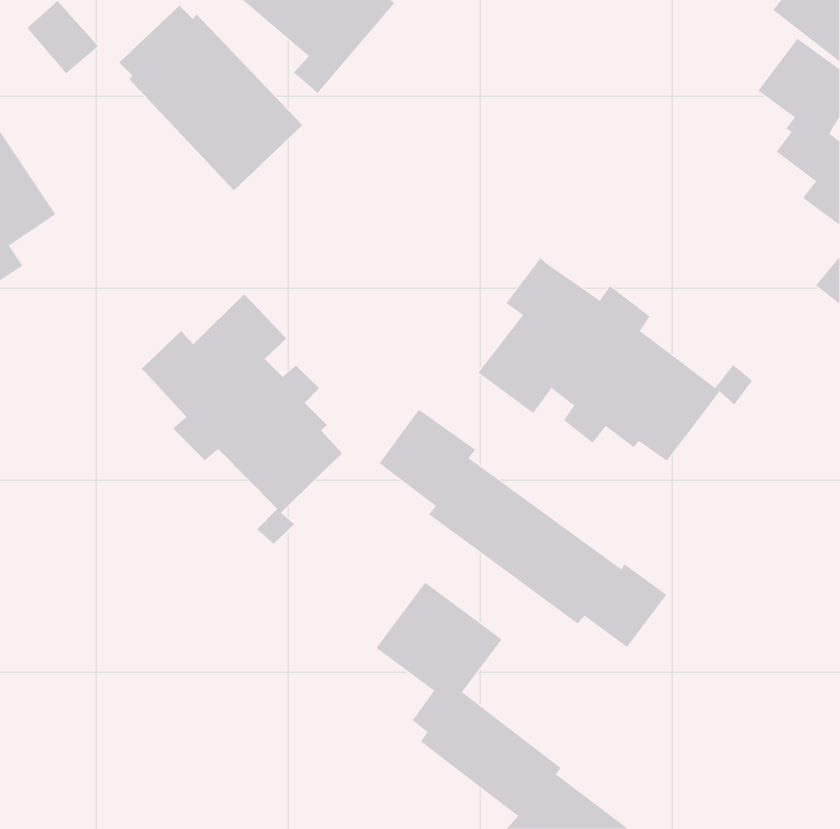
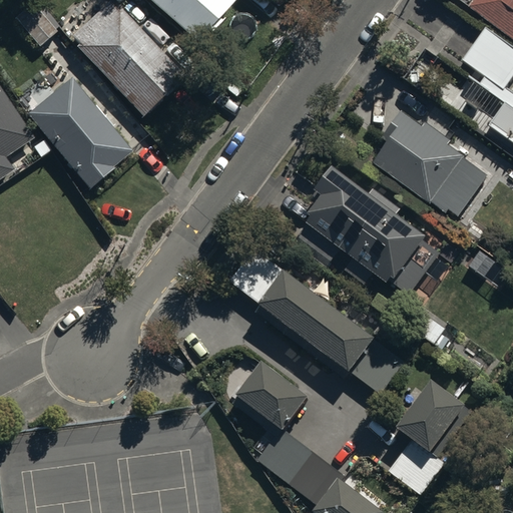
building: none -> [27,79,132,189]
building: none -> [376,113,487,216]
building: [140,294,343,545] -> none
building: none -> [391,389,466,495]

